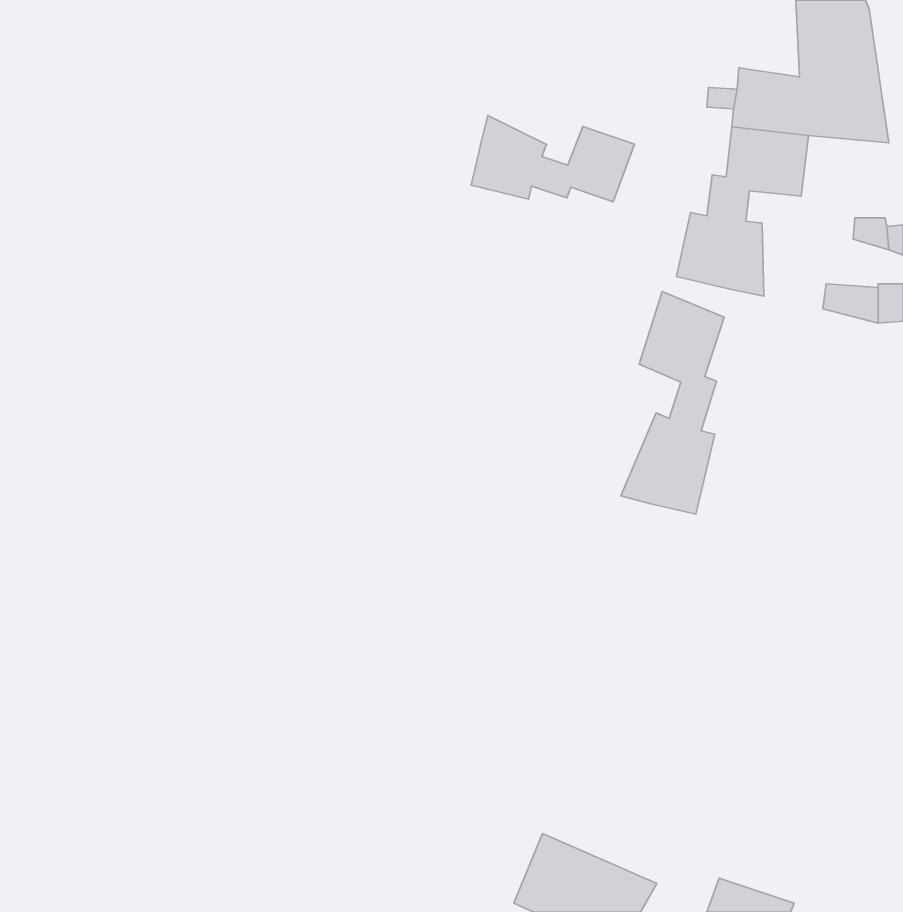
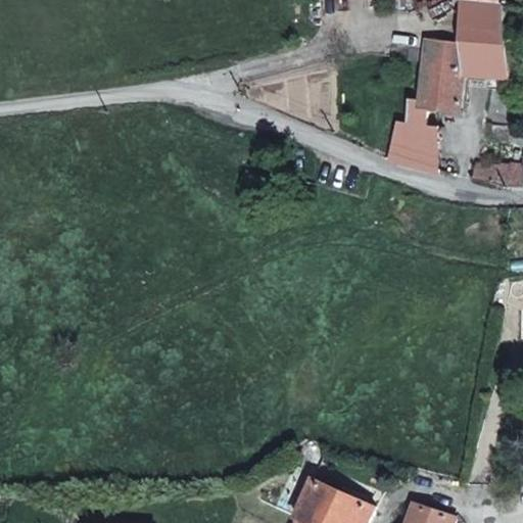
building: [471,116,635,202] -> none
building: [621,291,724,514] -> none

